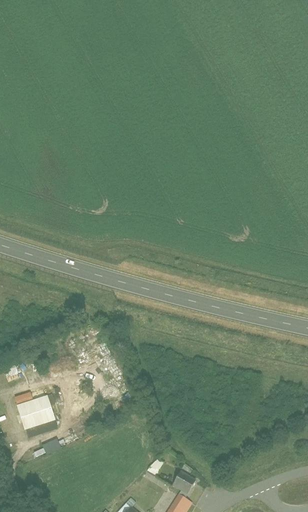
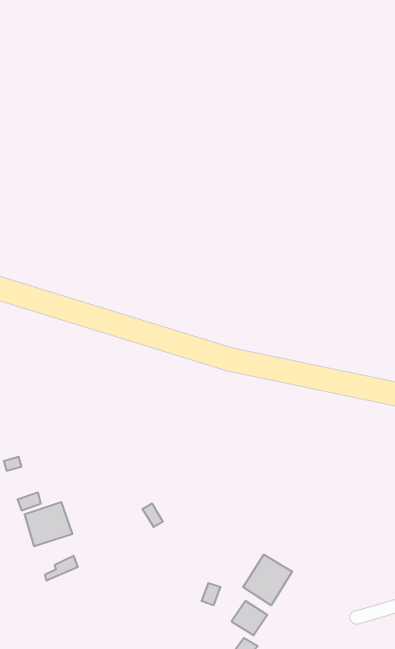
building: none -> [243,554,292,605]

